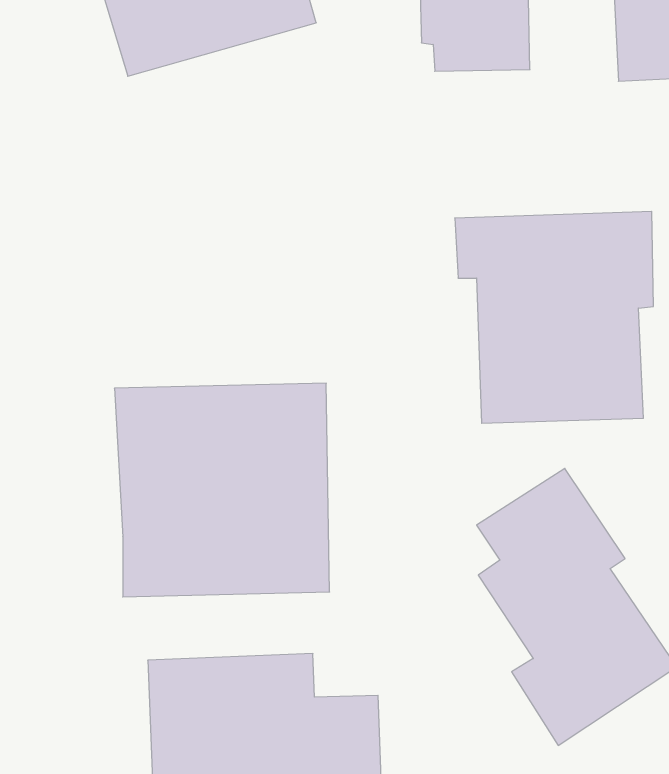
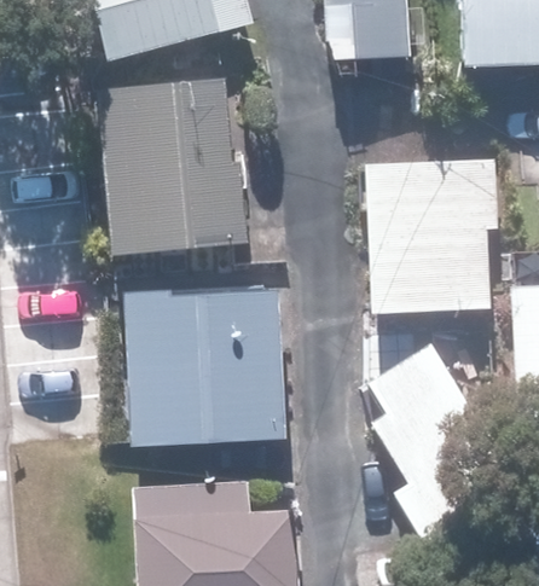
building: none -> [103,80,251,257]

